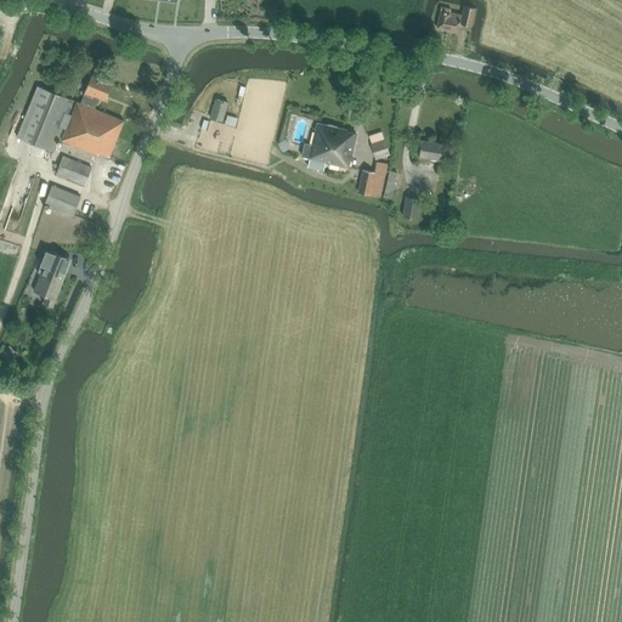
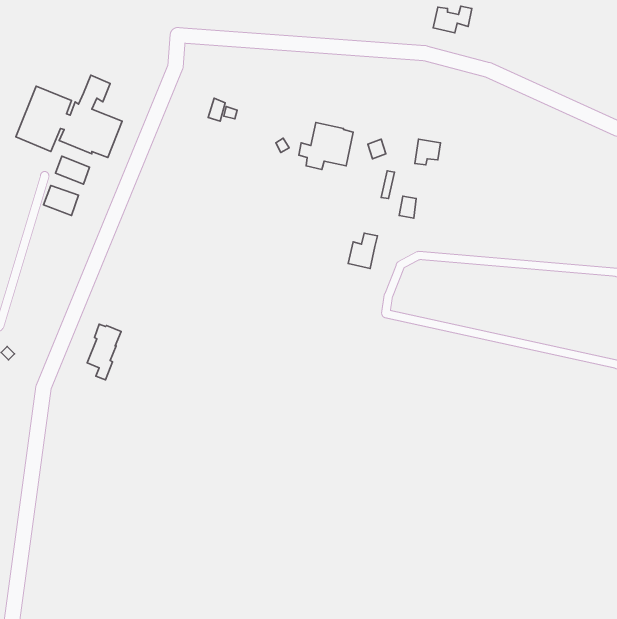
building: [357,162,386,197] -> [348,233,377,268]
building: [33,251,67,307] -> [87,324,121,380]

